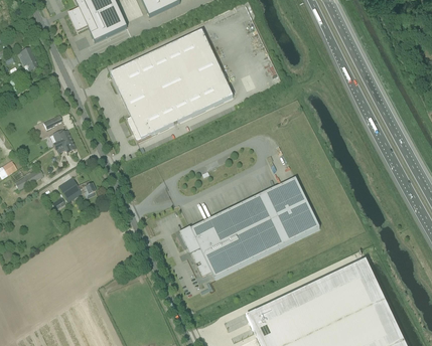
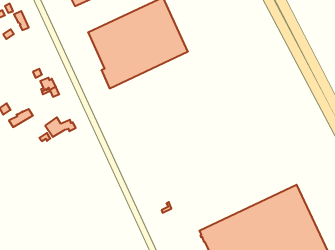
building: [178,177,319,278] -> none

